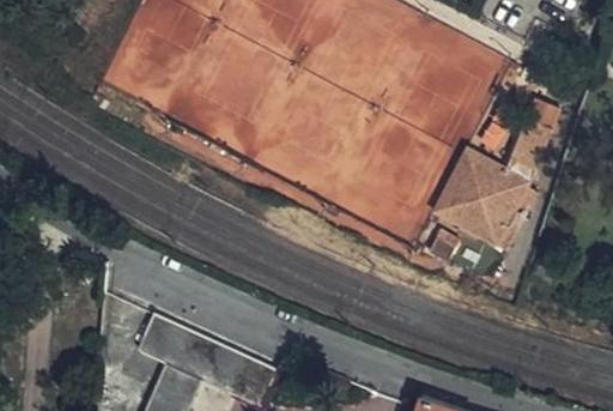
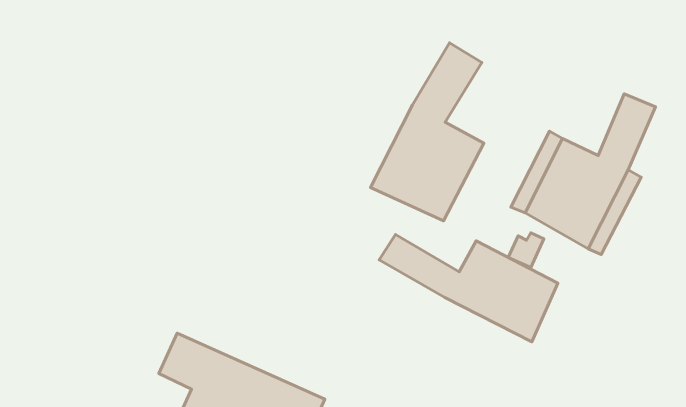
building: none -> [371,43,484,221]
building: none -> [379,234,558,342]

